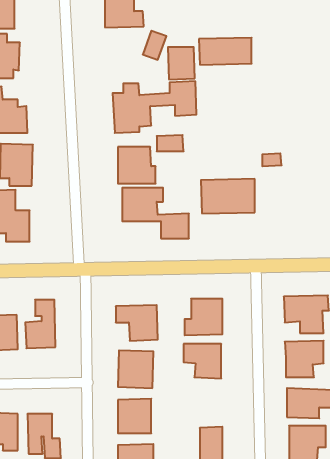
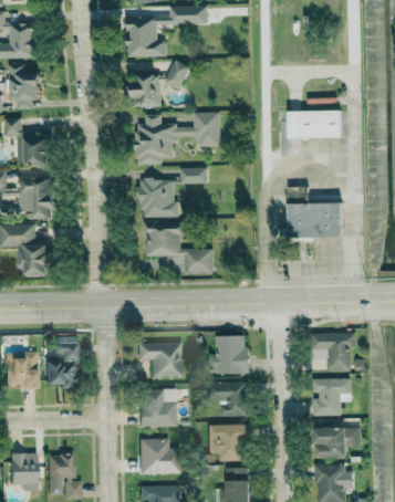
building: [199,38,252,65] -> [287,109,341,137]
building: [168,47,195,79] -> [132,74,159,107]
building: [201,179,255,213] -> [287,202,342,238]
building: none -> [208,425,246,461]

